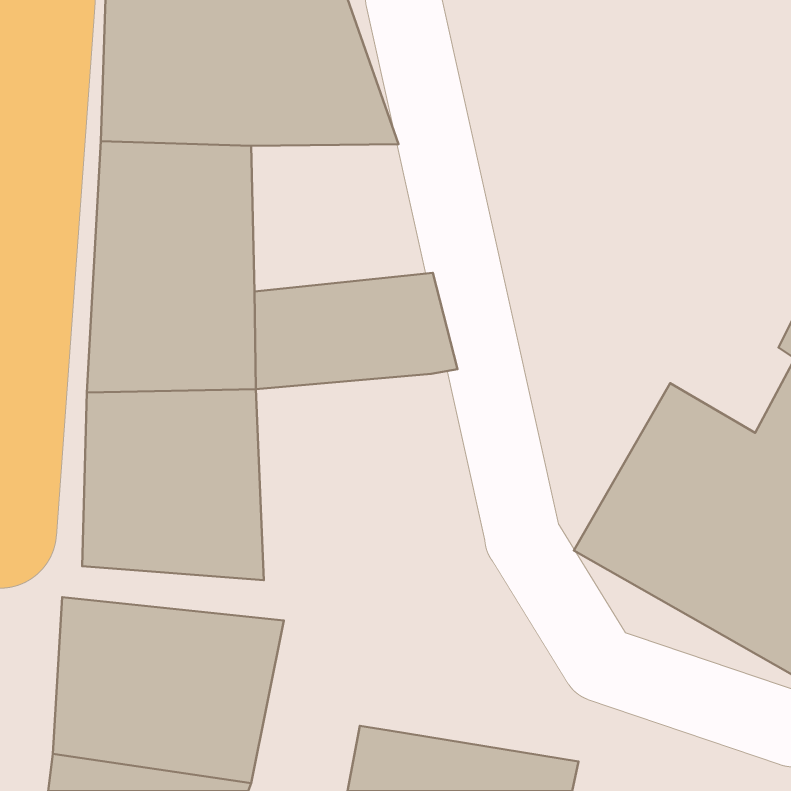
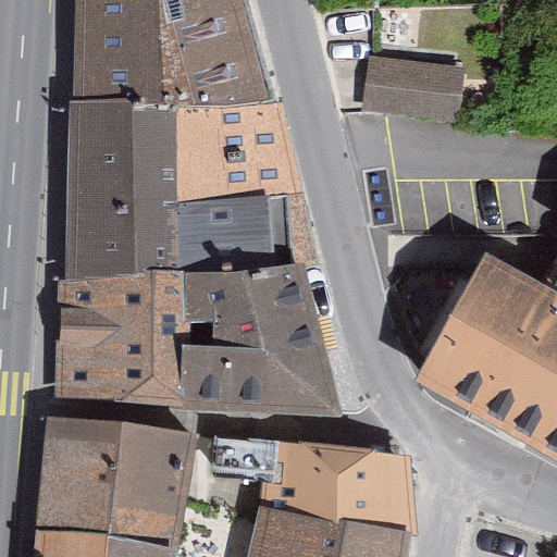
building: none -> [357,59,457,125]
building: none -> [177,101,305,205]
building: none -> [181,262,343,416]
building: none -> [274,437,410,534]

